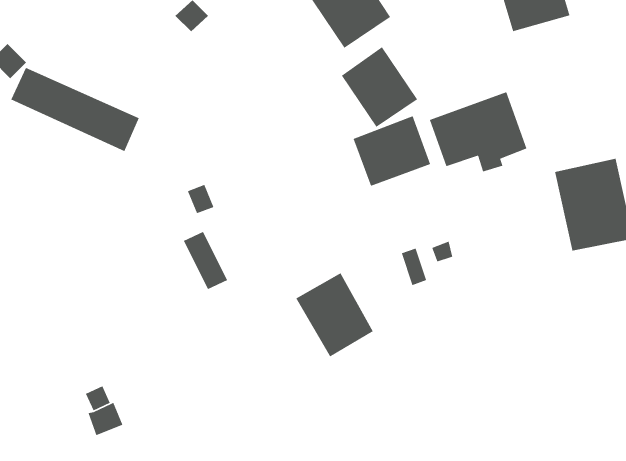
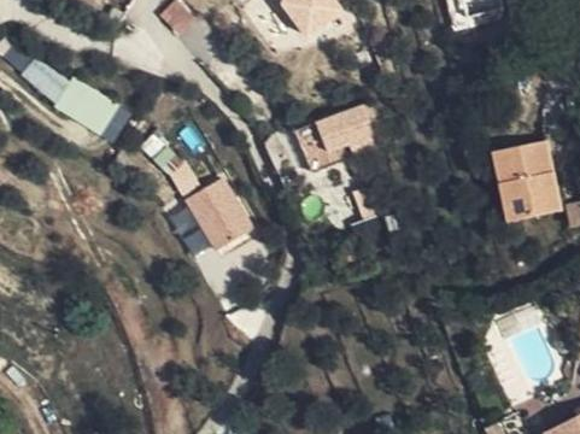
building: [341,46,418,128] -> none
building: [429,91,528,173] -> none
building: [295,272,374,358] -> [184,176,253,251]

